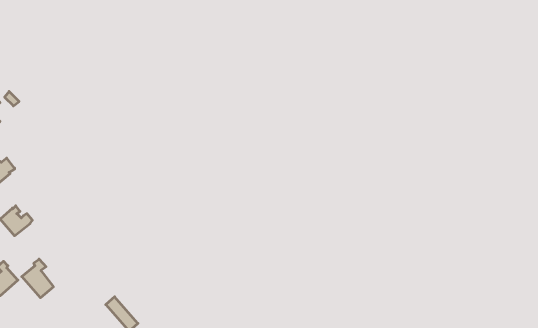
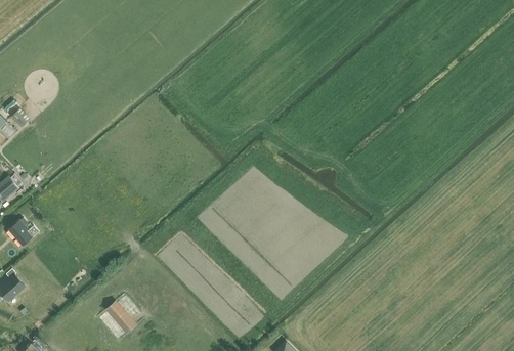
building: [22,259,53,298] -> none

